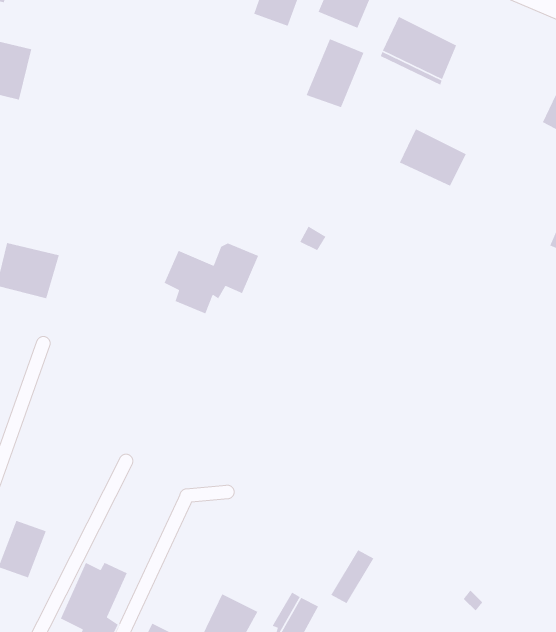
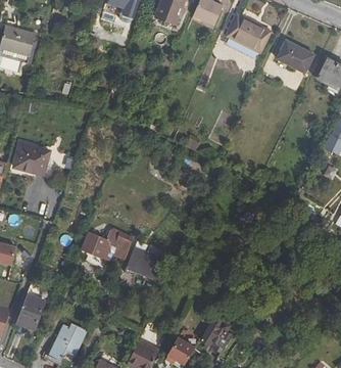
building: [306,38,364,108] -> none
building: [399,128,467,187] -> [277,42,314,75]
building: [163,243,259,314] -> [81,225,134,265]
building: none -> [127,247,164,279]

